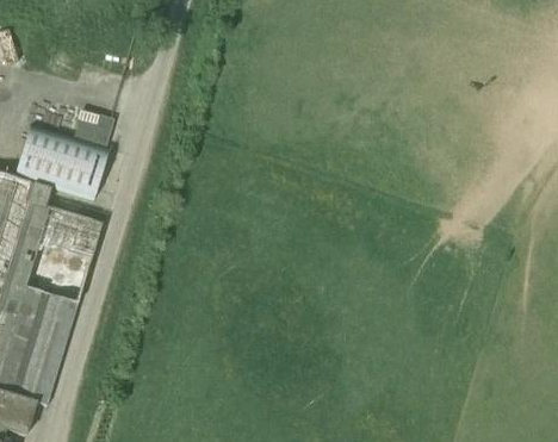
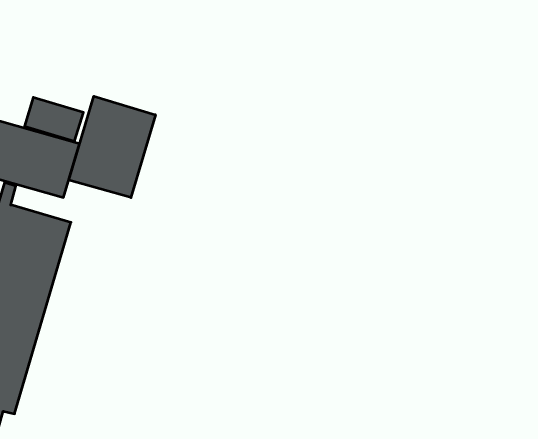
building: none -> [69,96,155,198]

